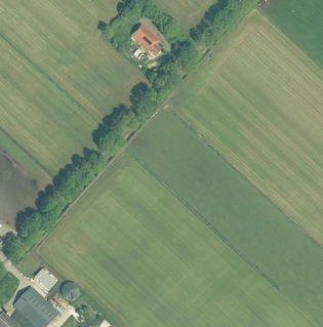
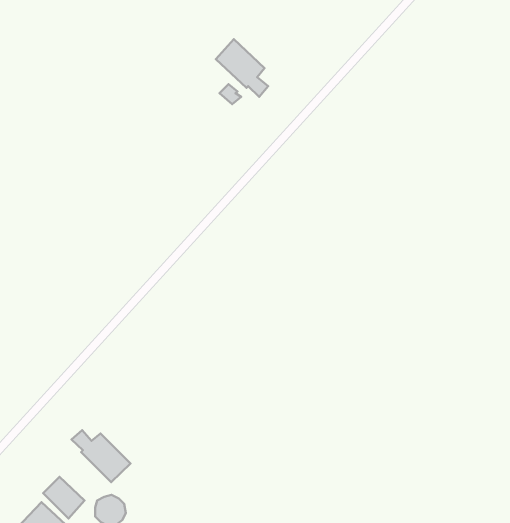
building: none -> [72,430,130,482]

